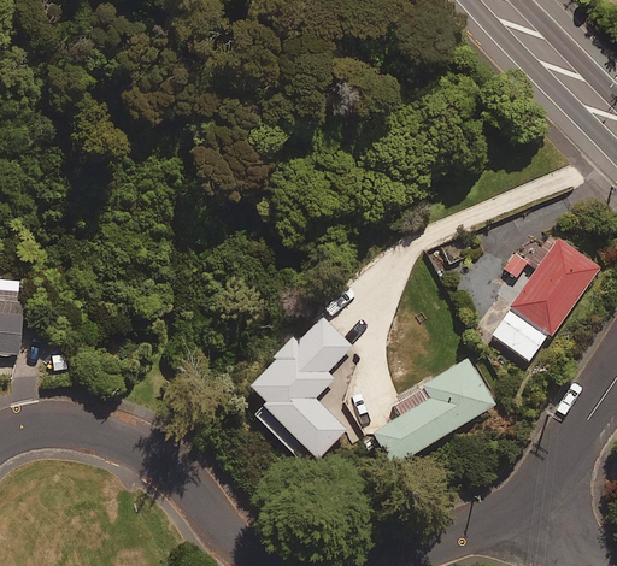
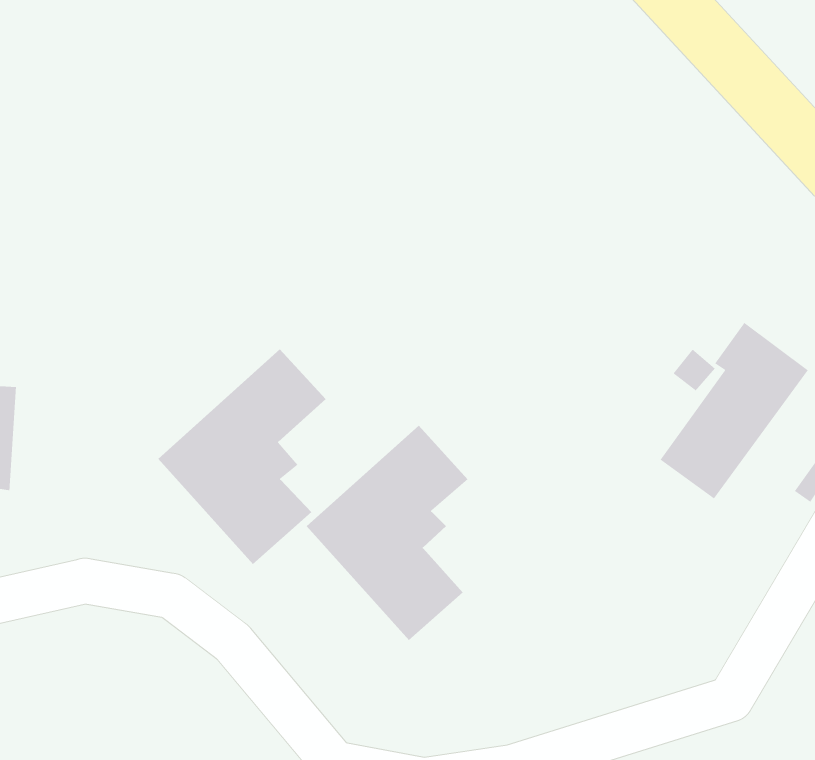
building: none -> [157,349,326,565]
building: [372,361,494,462] -> none

